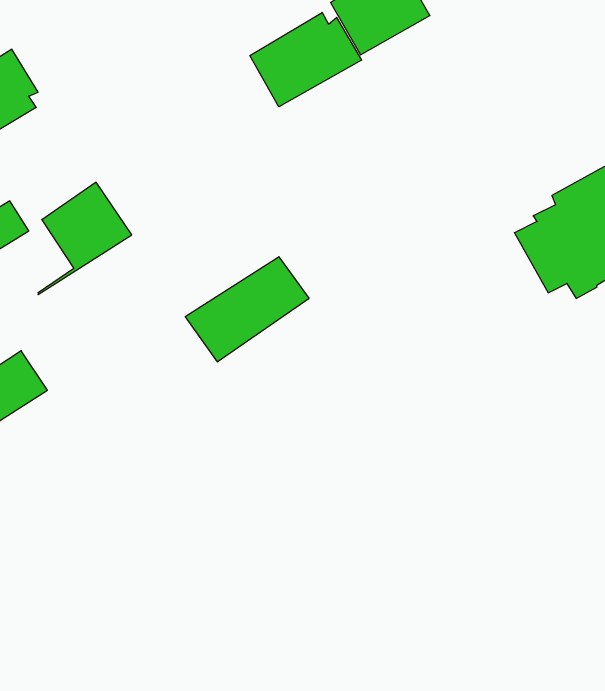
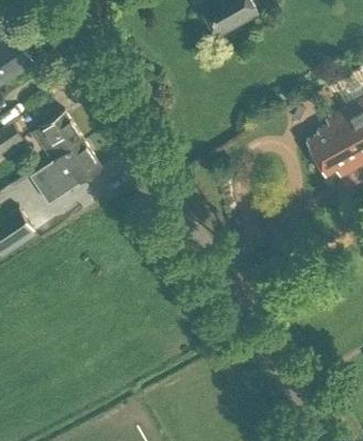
building: [250,12,362,107] -> none
building: [185,257,309,362] -> [30,143,102,204]

